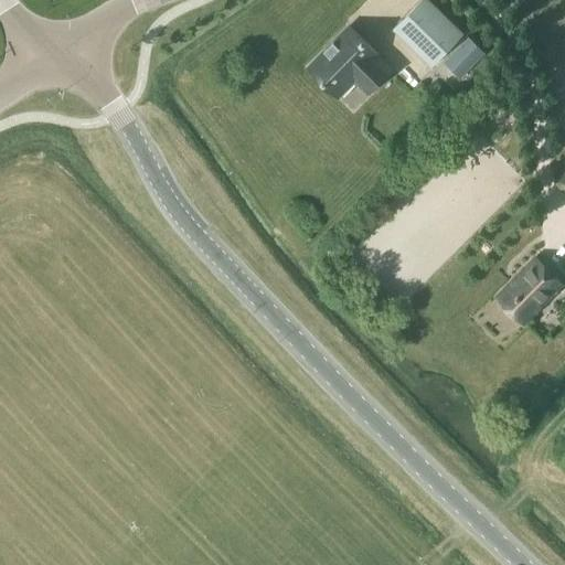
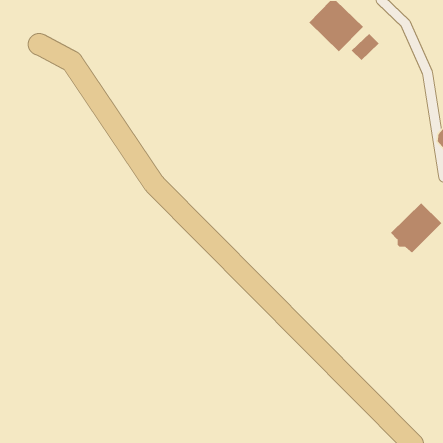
building: [309,26,391,97] -> none

